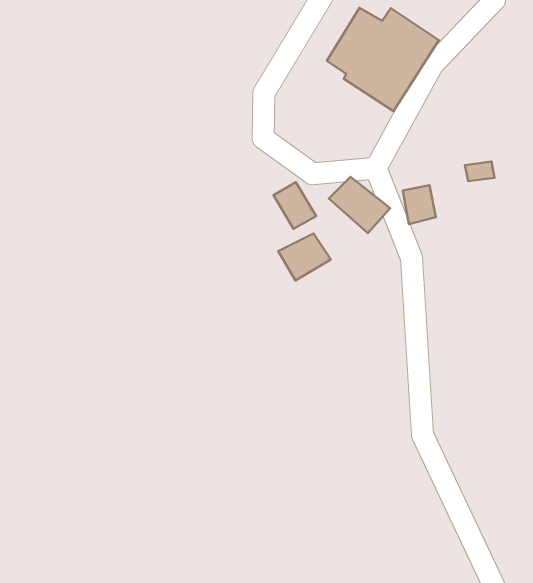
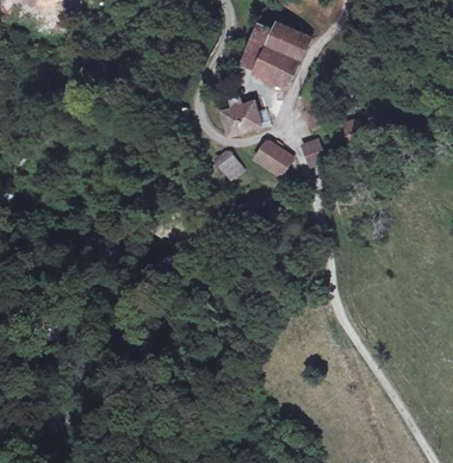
building: none -> [221,94,261,137]
building: [278,234,331,280] -> none

